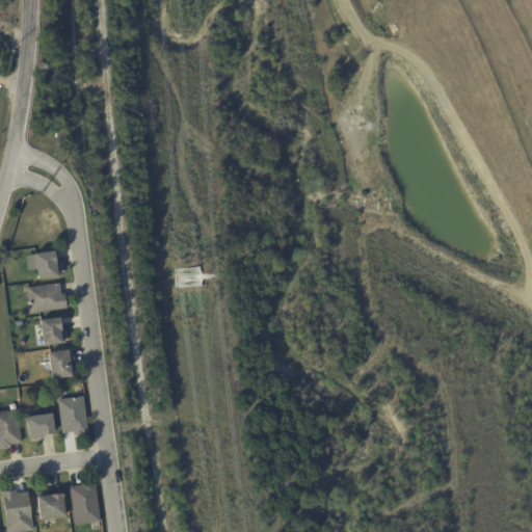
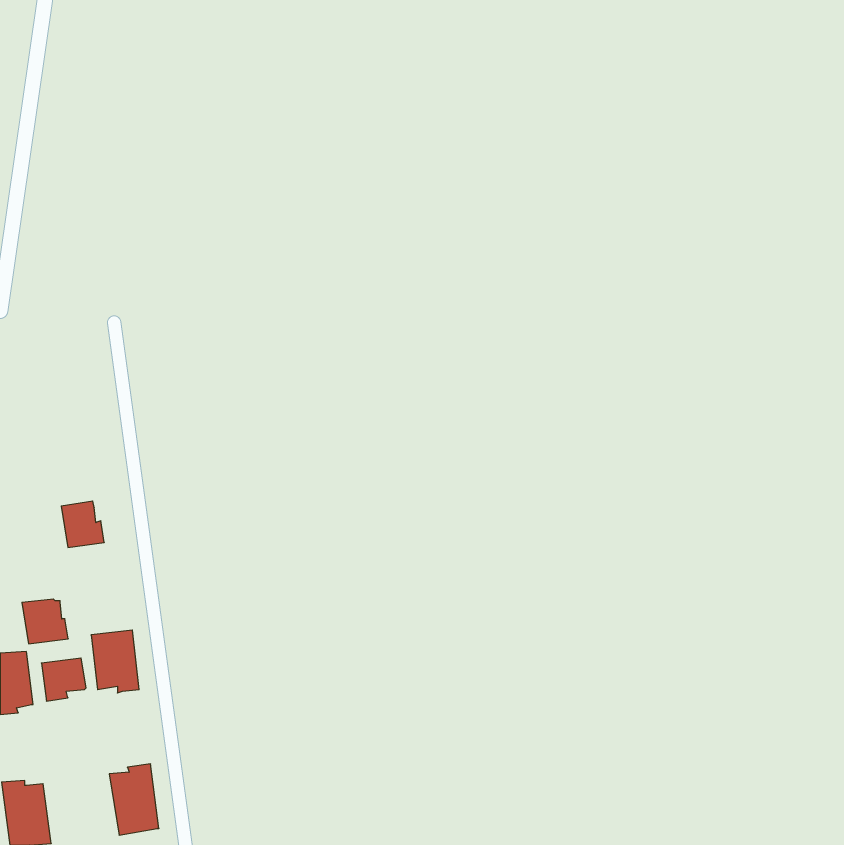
building: [27,250,62,278] -> none
building: [27,283,68,314] -> none
building: [48,350,77,378] -> [22,599,68,644]
building: [36,493,65,520] -> none

